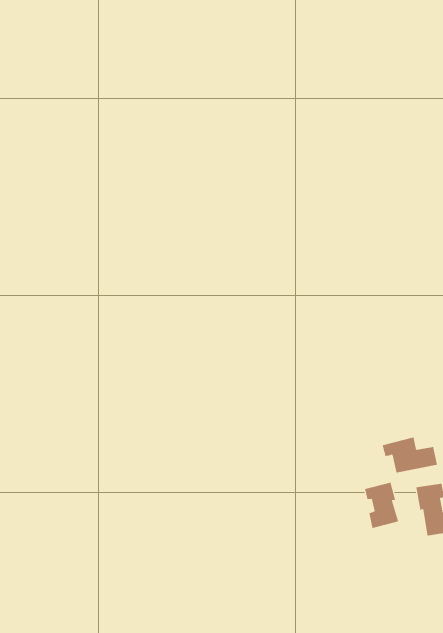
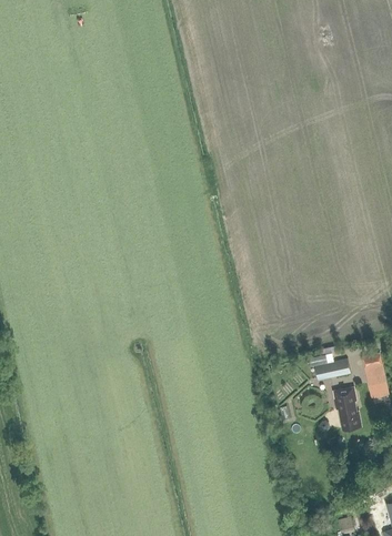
building: [364,482,399,529] -> none

